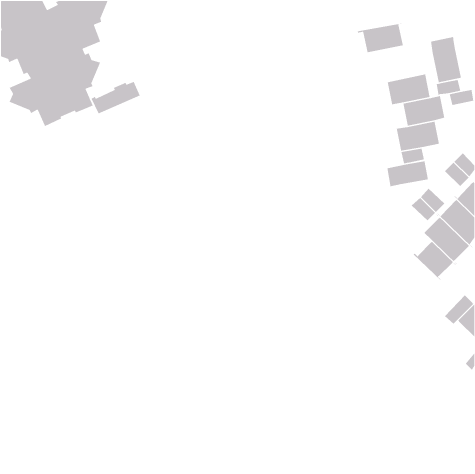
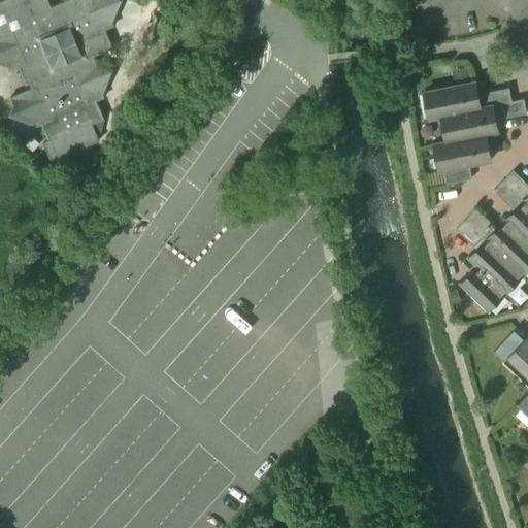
building: [347,22,409,57] -> none
building: [430,36,462,83] -> none
building: [91,81,141,114] -> [43,124,99,161]
building: [386,161,429,187] -> none

